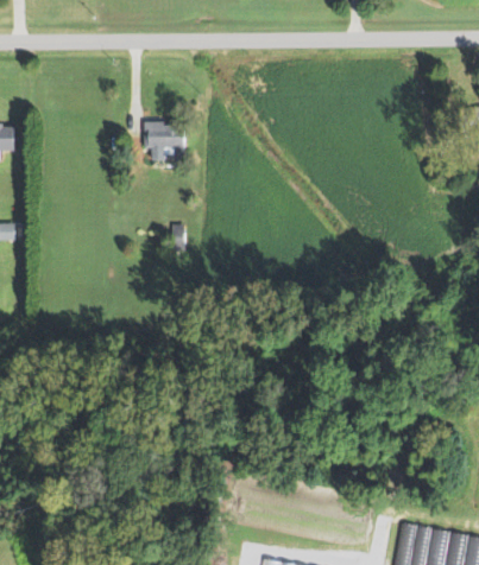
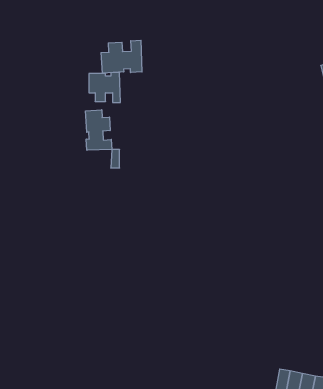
building: none -> [101,40,142,73]
building: none -> [86,110,112,150]

